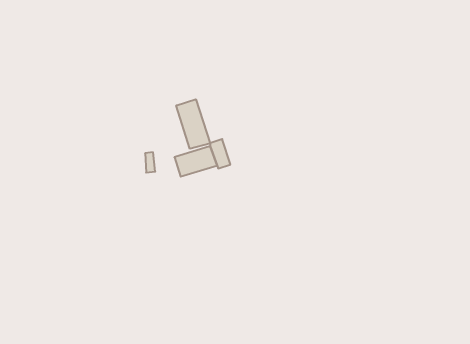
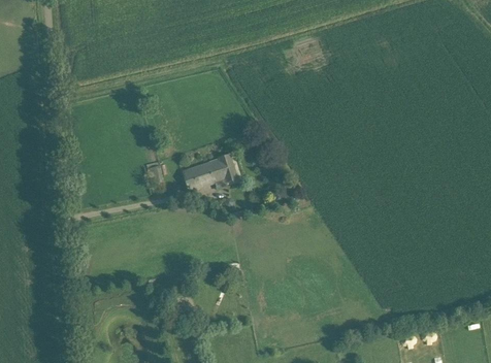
building: [176,99,210,149] -> none

